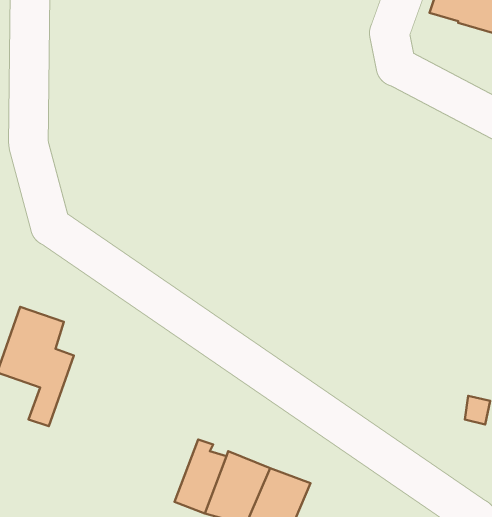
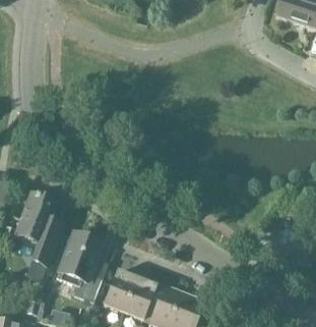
building: none -> [58,231,101,301]
building: none -> [103,269,136,311]

